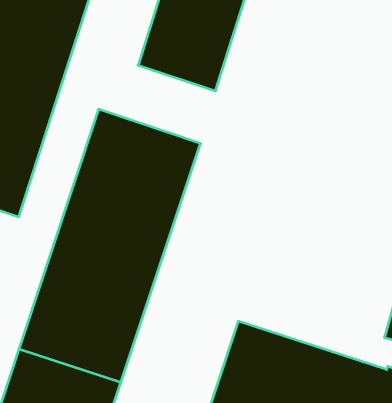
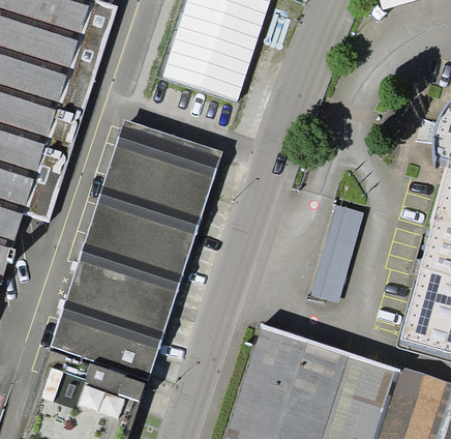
building: none -> [311,205,364,302]

